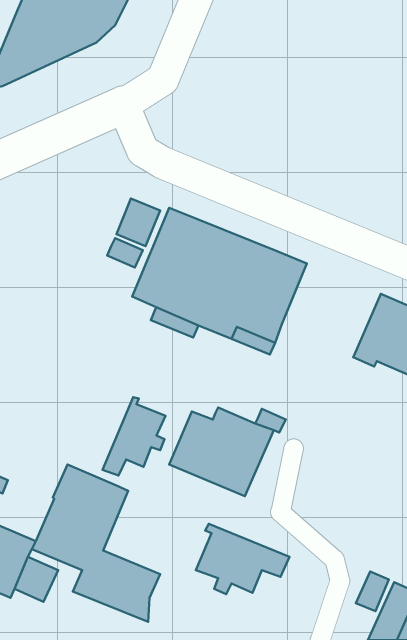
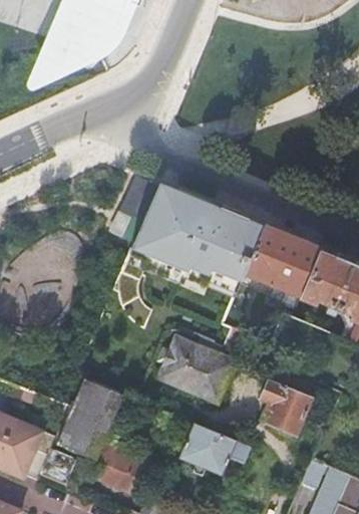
building: none -> [246,226,321,295]
building: [102,397,166,475] -> none
building: none -> [263,367,319,437]

